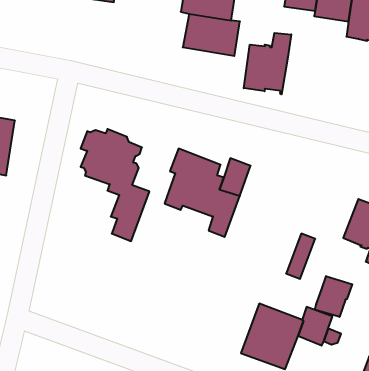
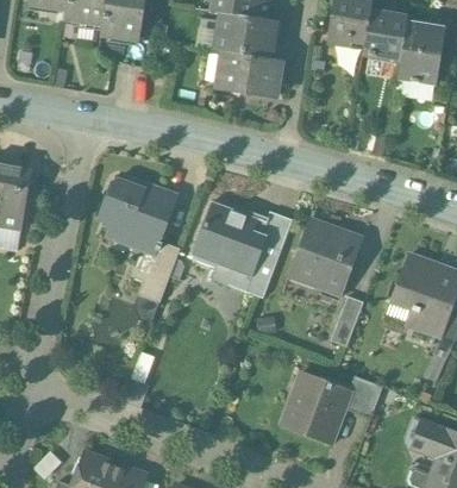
building: [244,33,291,94] -> none
building: none -> [286,219,359,293]
building: [315,276,352,317] -> none

